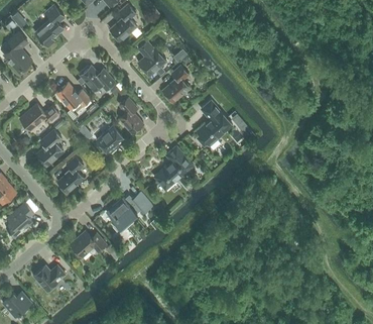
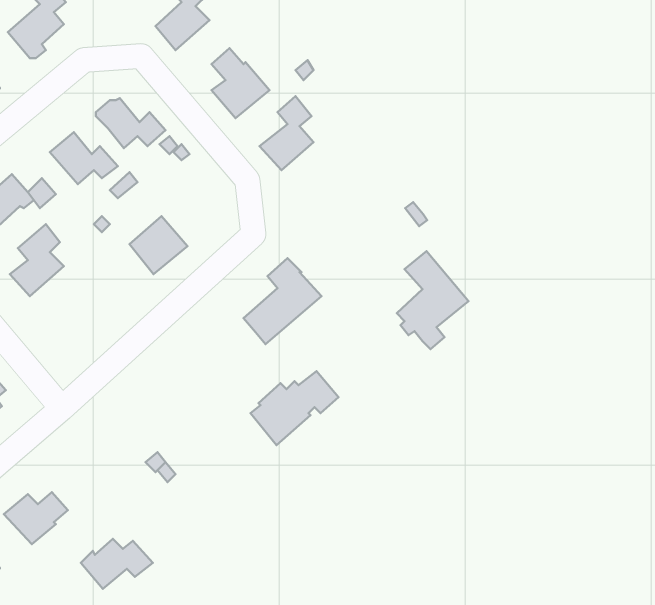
building: [118,97,143,134] -> none
building: [196,100,232,149] -> [397,251,469,349]
building: [56,156,83,193] -> none
building: [107,192,151,229] -> [251,371,338,445]
building: [70,232,106,257] -> [81,539,153,589]

